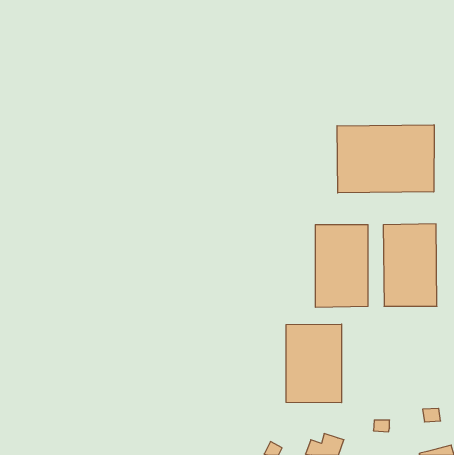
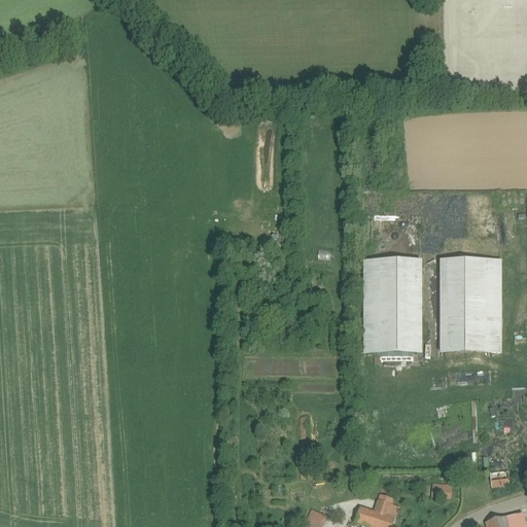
building: [337,125,434,193] -> none
building: [286,324,342,403] -> none

